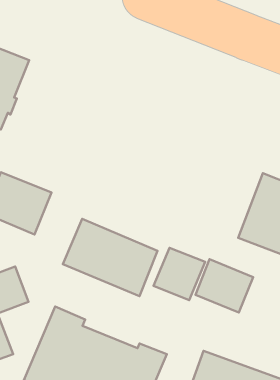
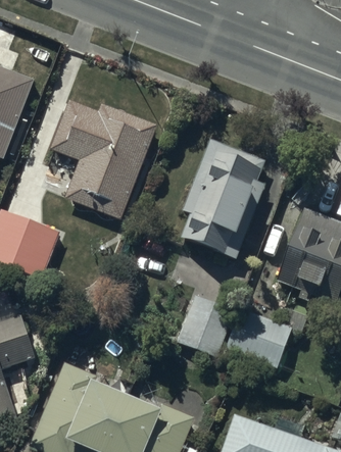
building: none -> [52,100,156,218]
building: none -> [180,141,265,259]
building: [63,219,158,296] -> none

